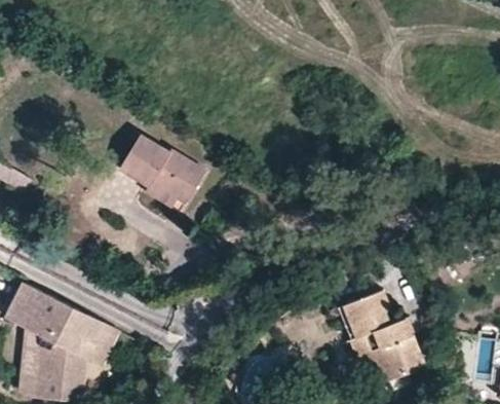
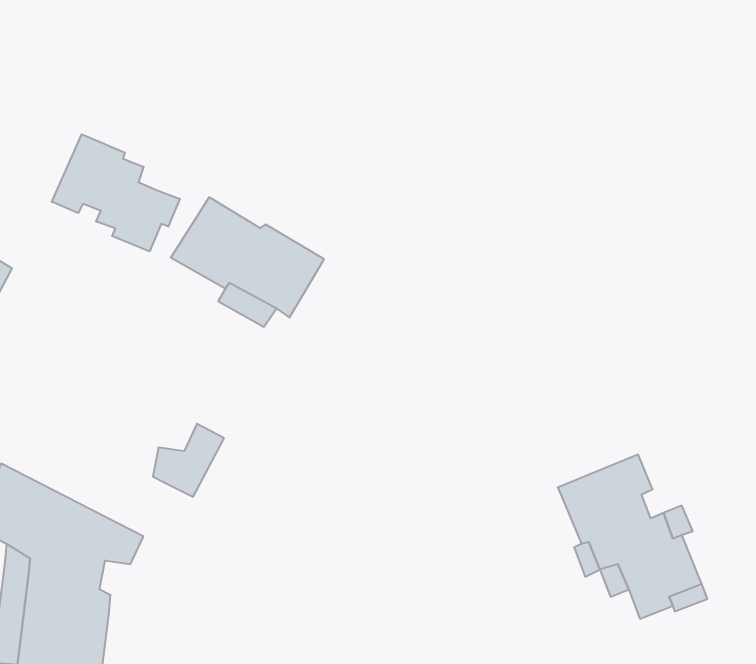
building: none -> [52,134,180,251]
building: [80,327,120,368] -> [153,424,224,497]

